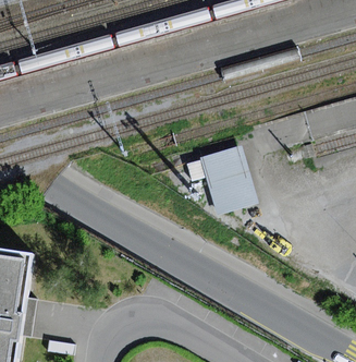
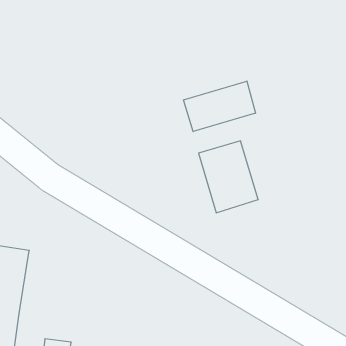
building: none -> [183,81,256,132]

